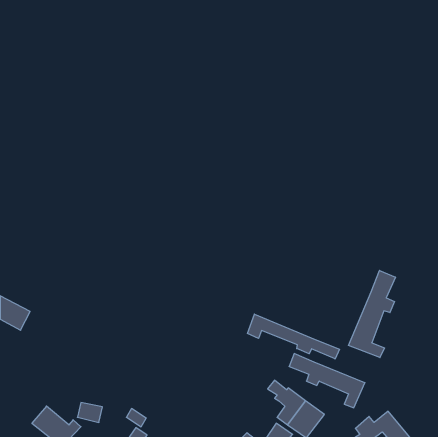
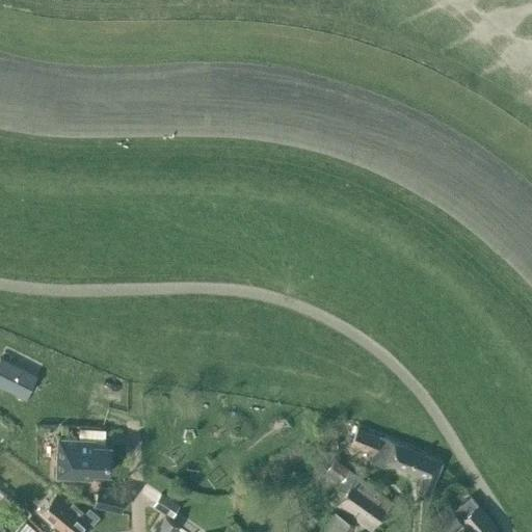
building: [349,270,395,358] -> none
building: [247,314,339,359] -> none
building: none -> [57,442,111,481]

